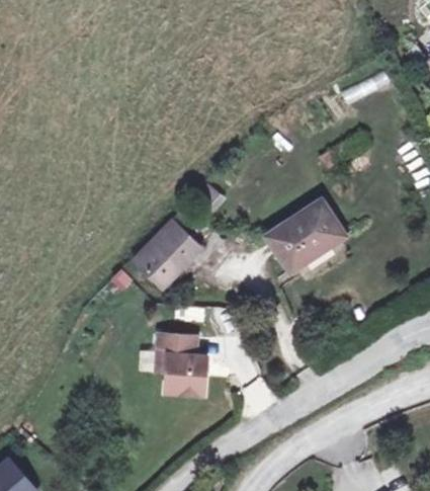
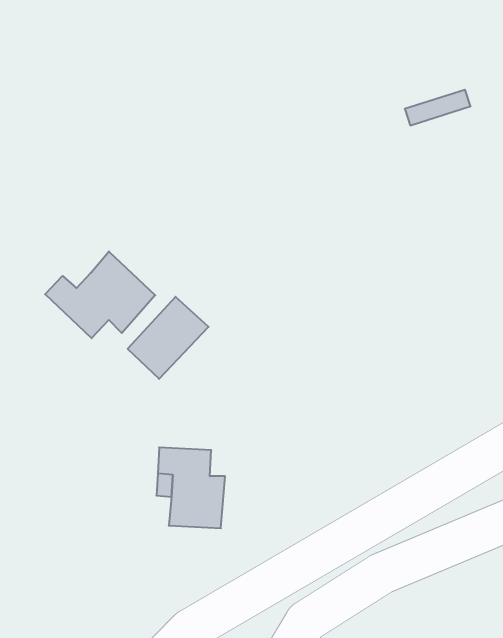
building: none -> [45,251,155,338]
building: [267,197,342,266] -> none

